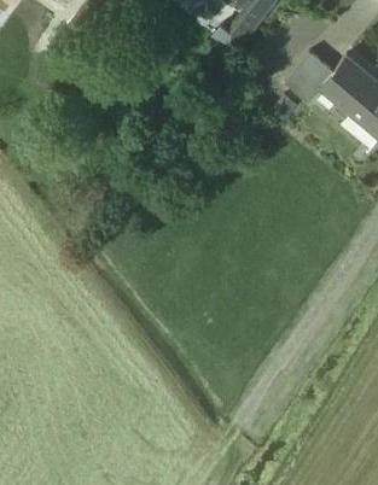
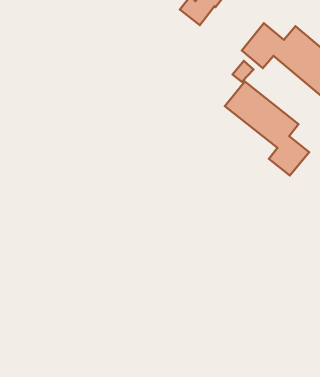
building: none -> [225,82,309,175]

